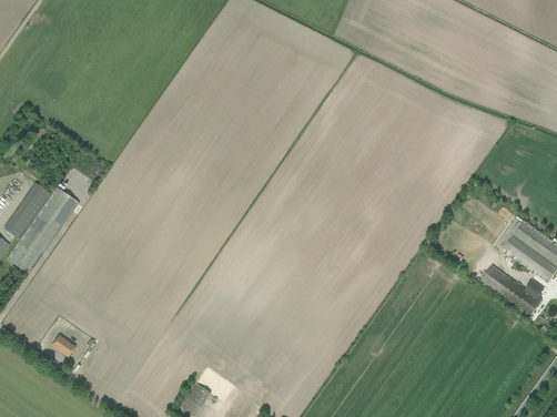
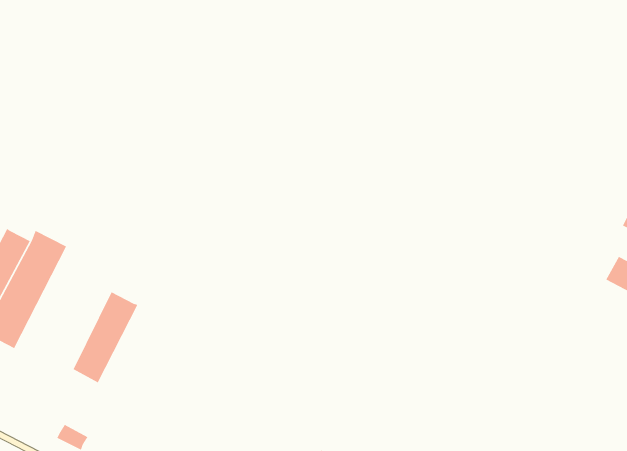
building: none -> [72,291,138,383]

